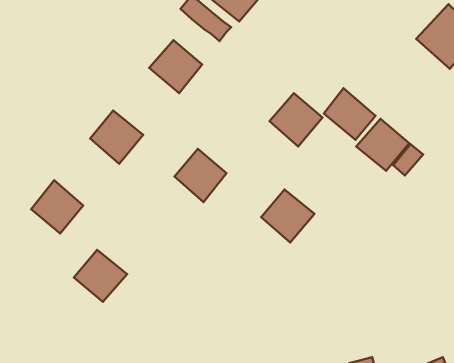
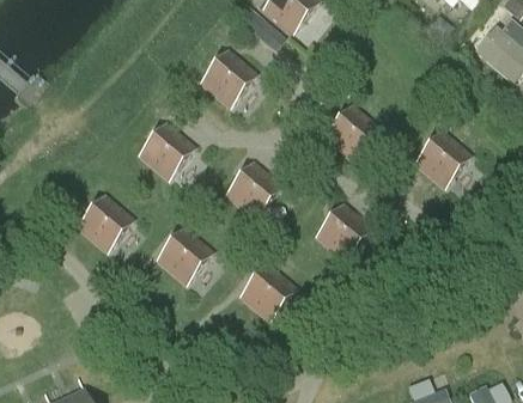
building: [324,88,376,140] -> none
building: none -> [241,264,294,319]
building: [74,250,127,302] -> [157,228,212,282]

